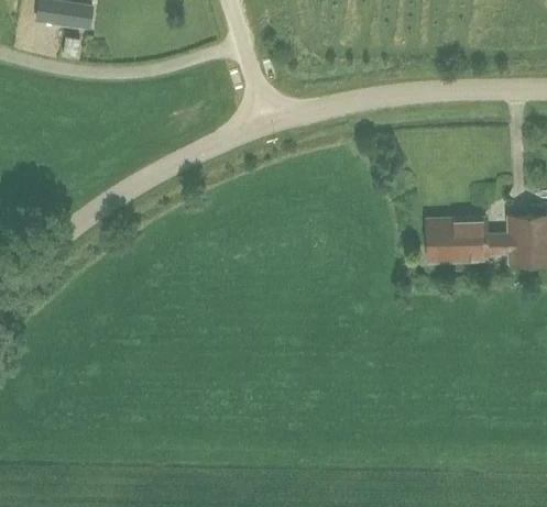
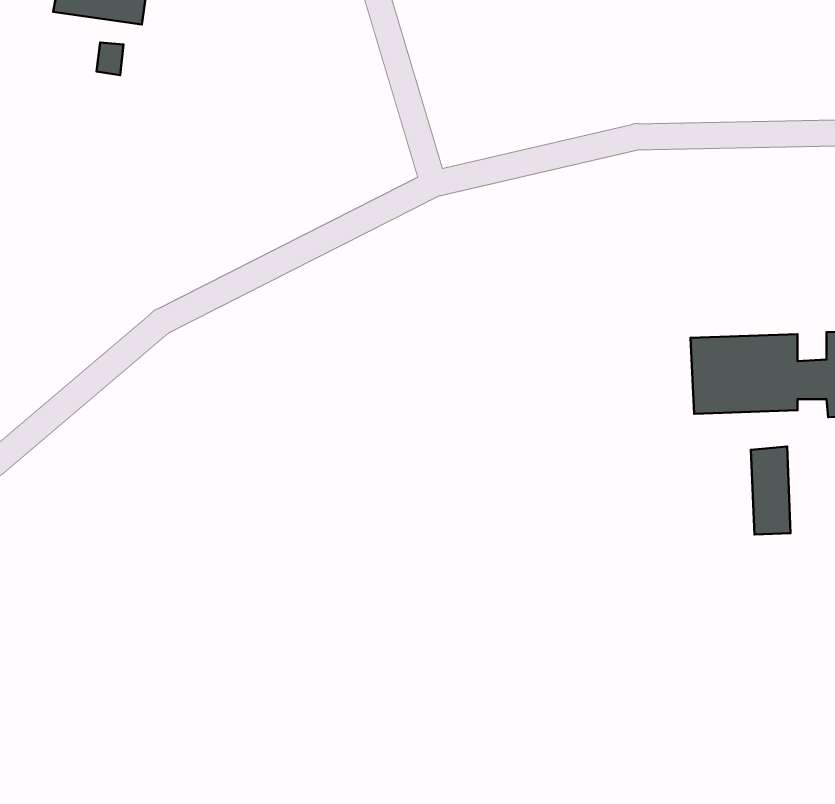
building: none -> [751,447,791,534]

